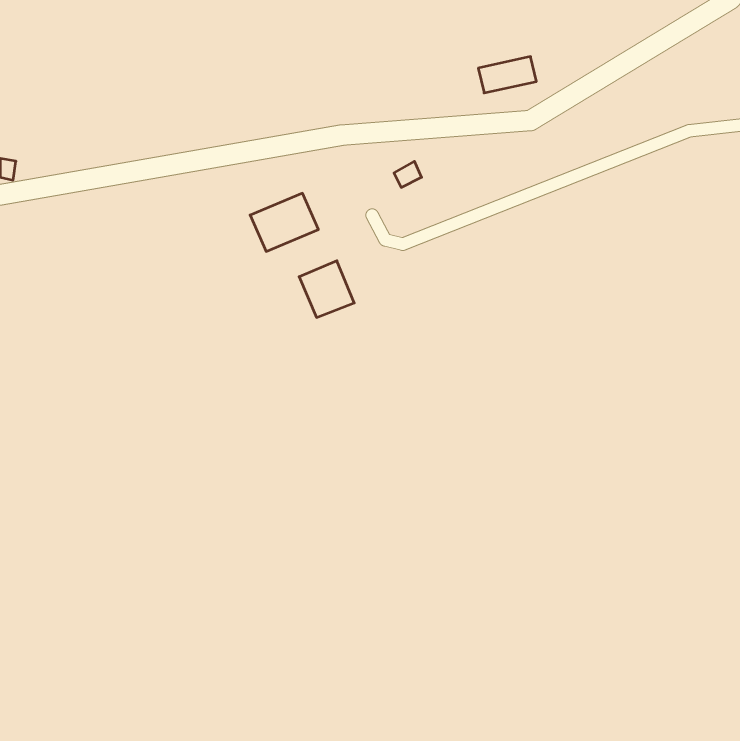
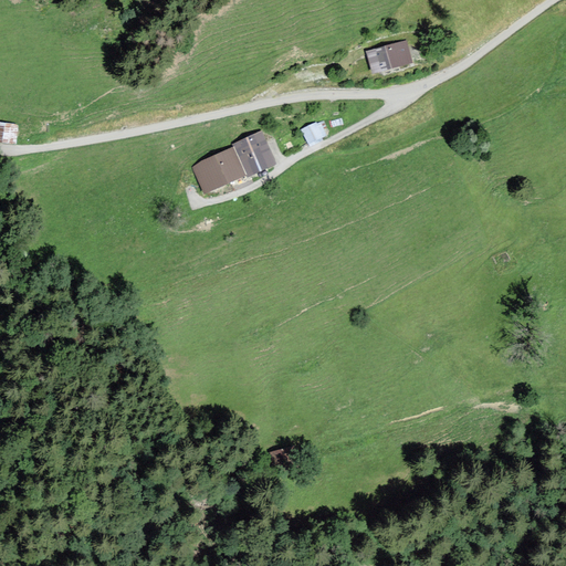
building: [299,261,354,317] -> [233,132,275,175]

